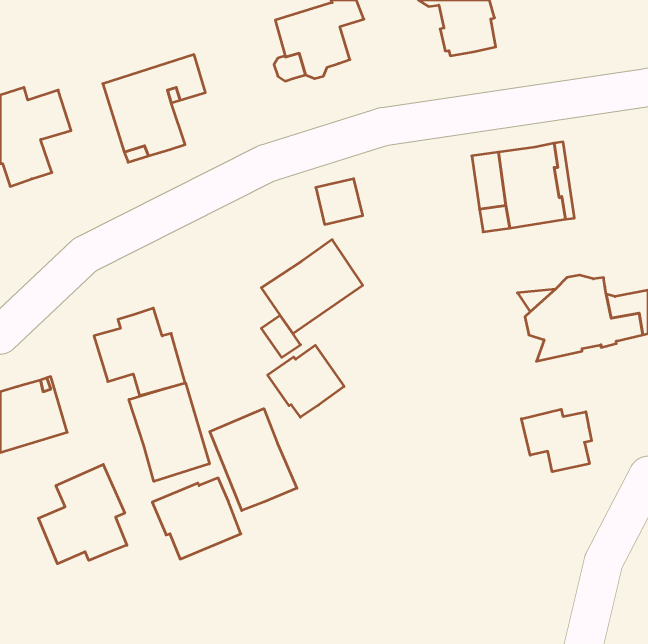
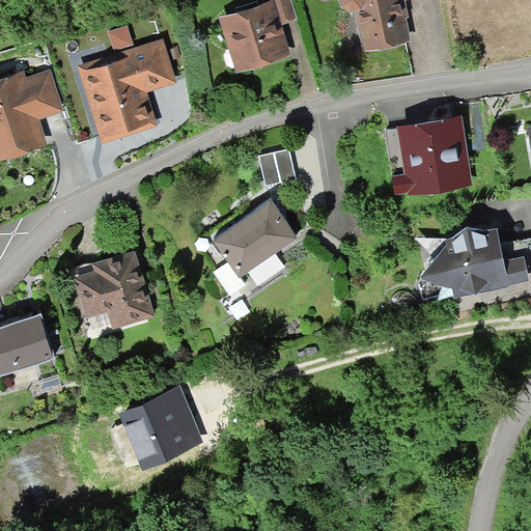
building: [268,345,344,417] -> none
building: [129,383,209,481] -> none
building: [210,409,297,511] -> none
building: [521,409,592,472] -> none
building: [38,464,127,564] -> none

